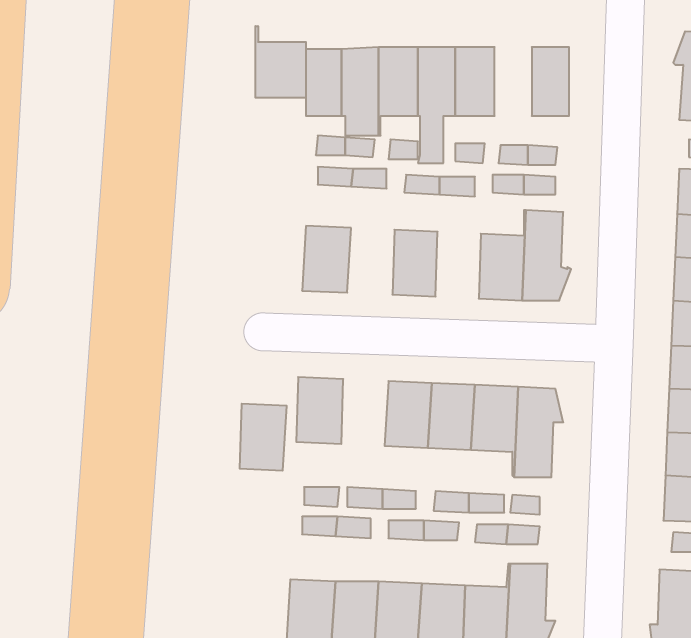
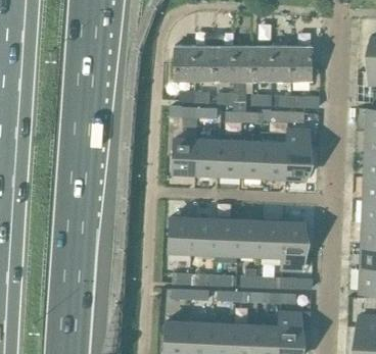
building: [255,26,306,98] -> none
building: none -> [272,46,291,82]
building: none -> [195,140,220,174]
building: none -> [241,142,265,176]
building: [240,404,287,471] -> [192,218,217,253]

